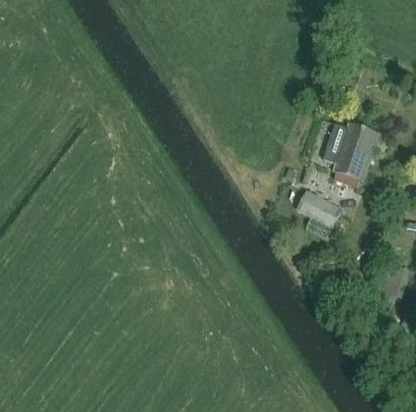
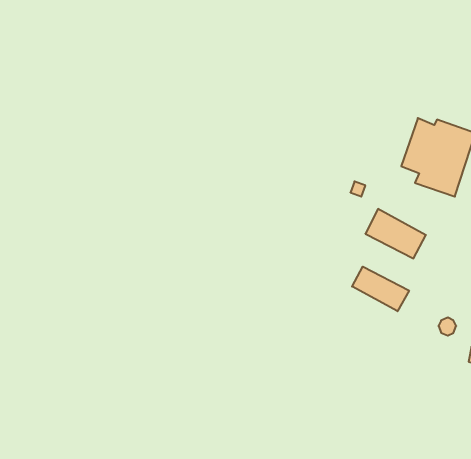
building: none -> [352,267,409,311]

